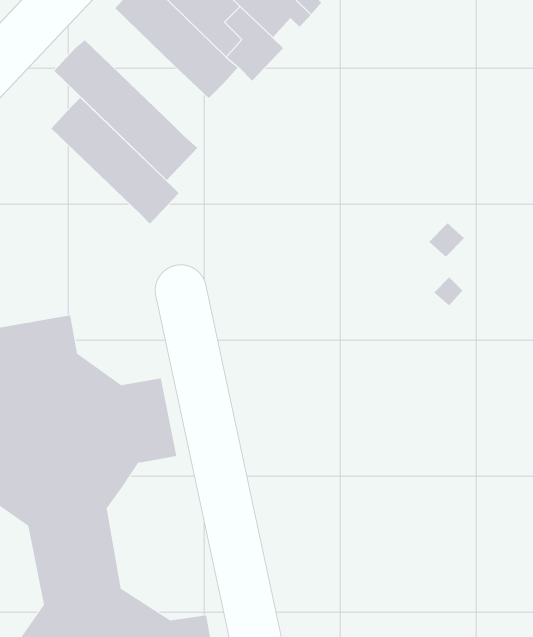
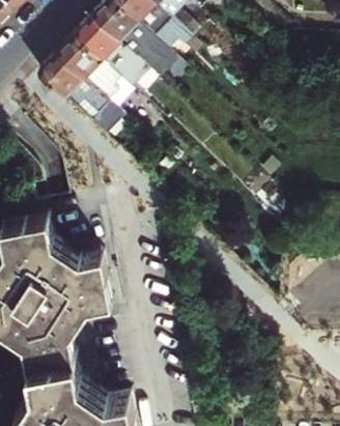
building: [50,97,179,224] -> [57,34,134,110]

